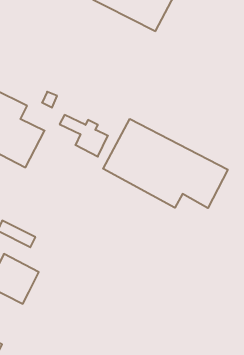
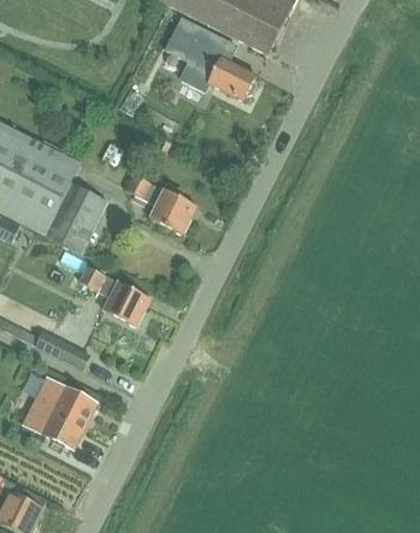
building: none -> [165,17,254,101]
building: [103,119,228,208] -> none
building: none -> [79,263,150,325]

